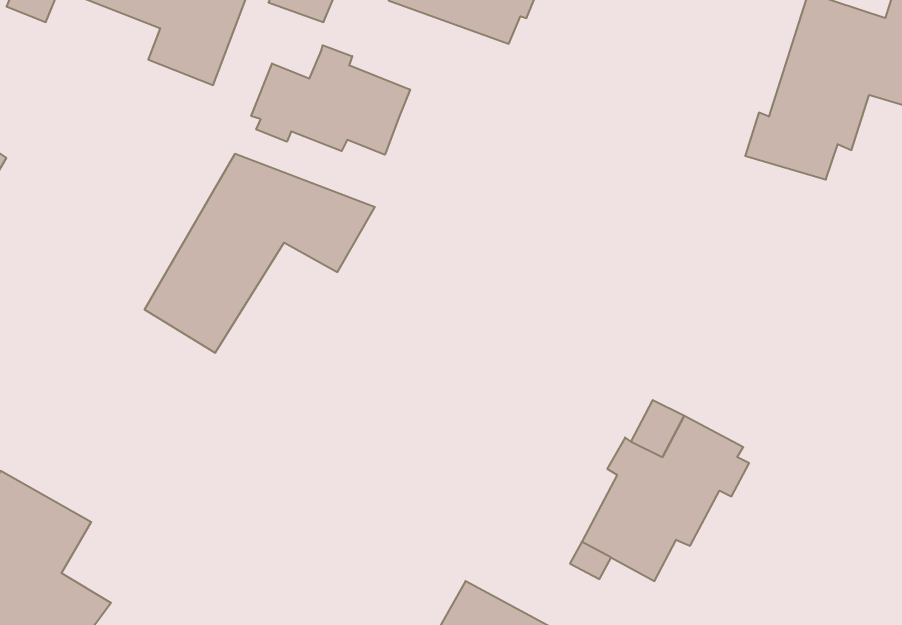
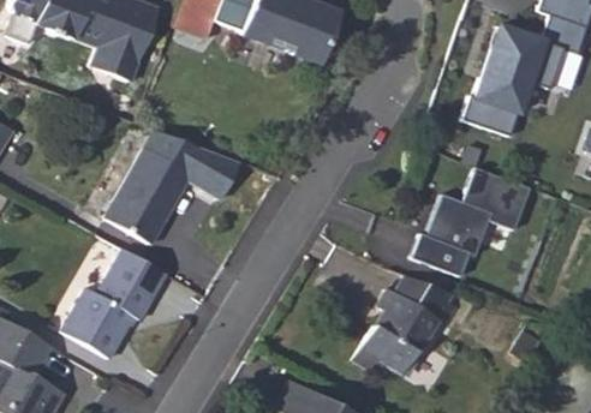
building: [251,45,410,155] -> none
building: none -> [411,164,530,274]
building: none -> [59,245,175,360]

